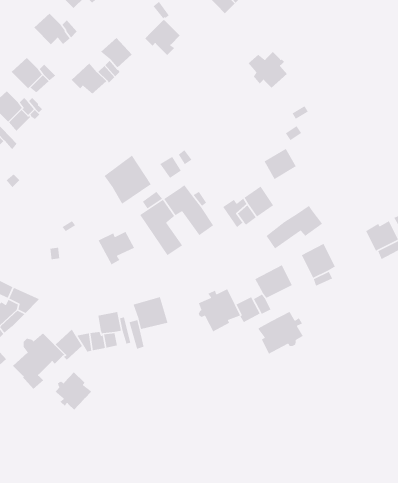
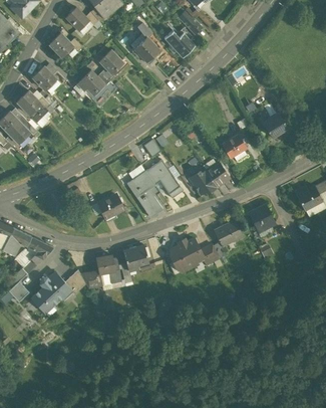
building: [248,51,288,89] -> [162,28,193,56]
building: none -> [258,111,288,137]
building: [103,155,152,205] -> none
building: [265,205,323,249] -> none
building: [258,311,304,355] -> none
building: [55,371,92,410] -> none

